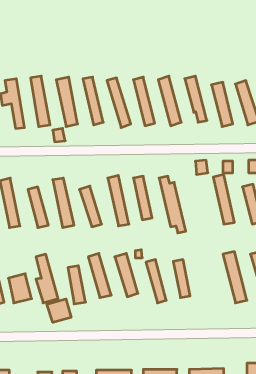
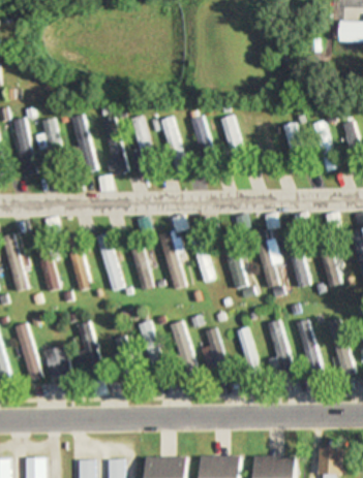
building: none -> [256,241,285,295]
building: none -> [266,319,294,378]
building: [47,299,71,322] -> none

